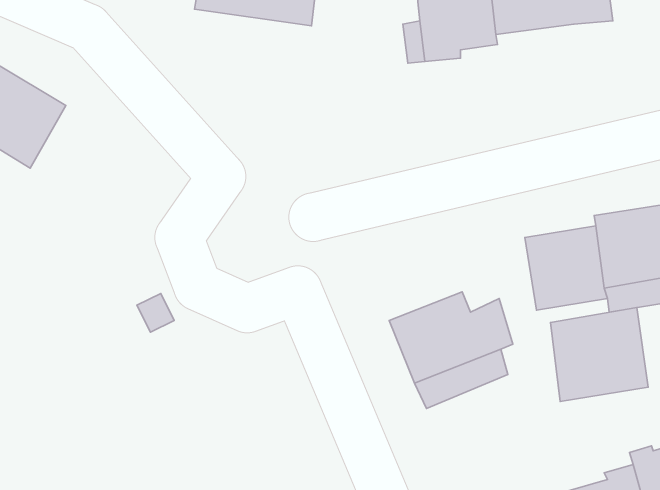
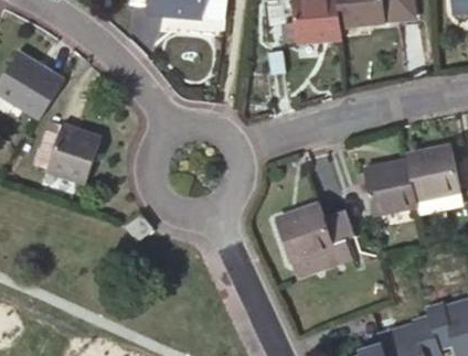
building: none -> [45,120,102,183]
building: [550,308,648,401] -> none

